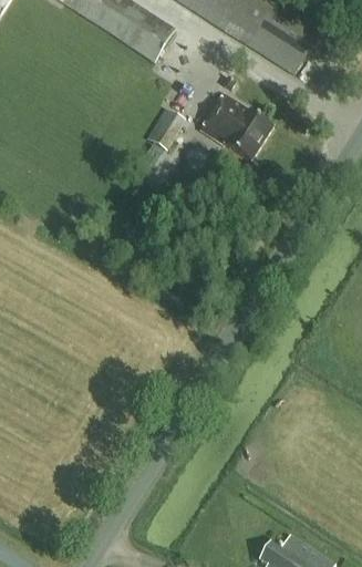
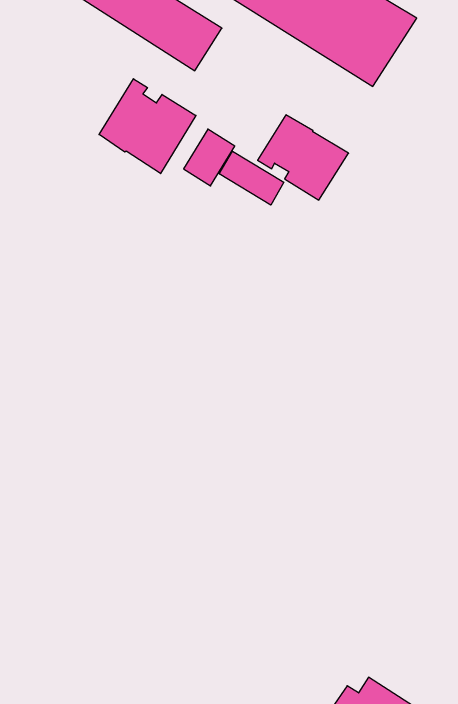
building: none -> [99,79,196,174]
building: none -> [219,151,284,205]

